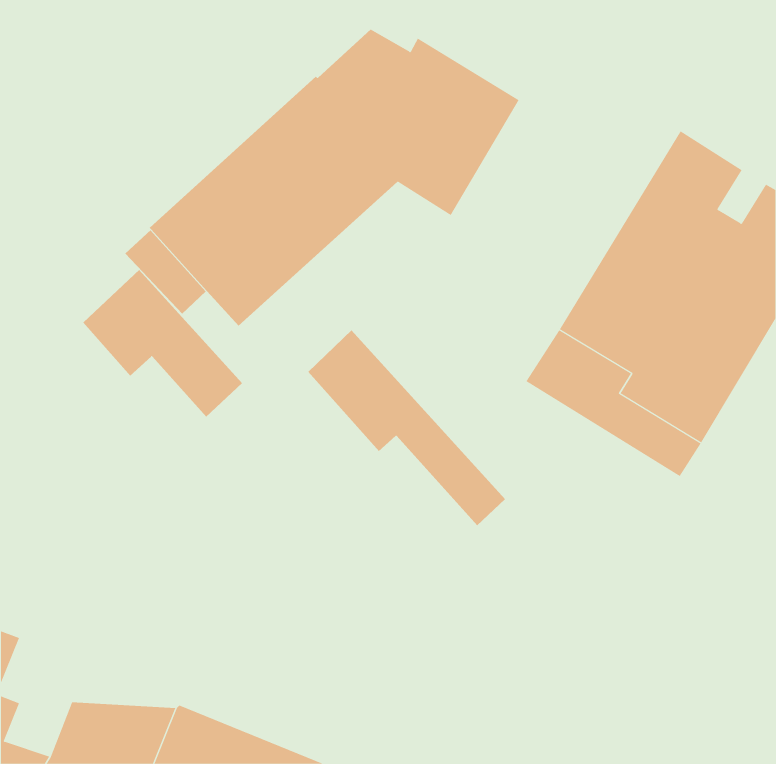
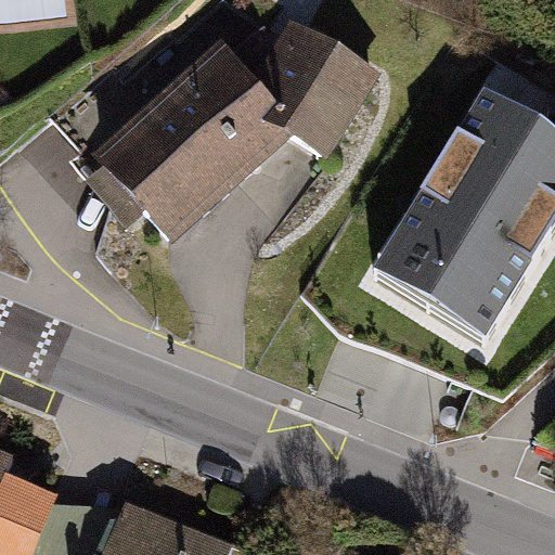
building: [82,269,243,417] -> none
building: [307,330,506,526] -> none

